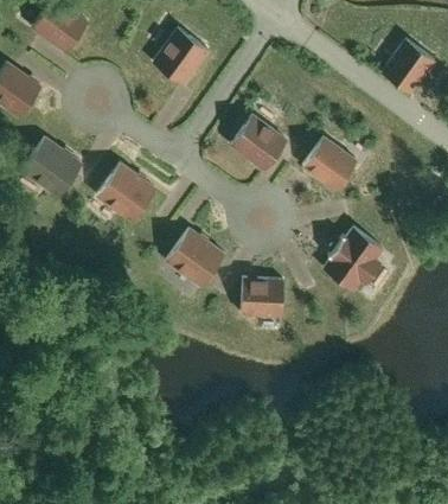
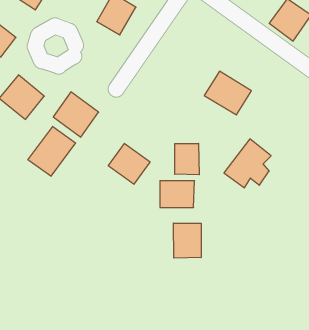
building: [232,115,284,167] -> none
building: none -> [28,126,76,176]
building: none -> [175,143,199,175]
building: none -> [173,223,201,258]

